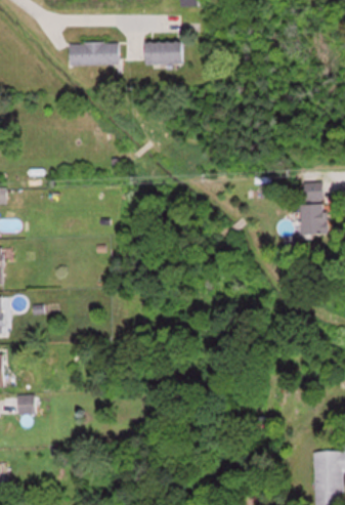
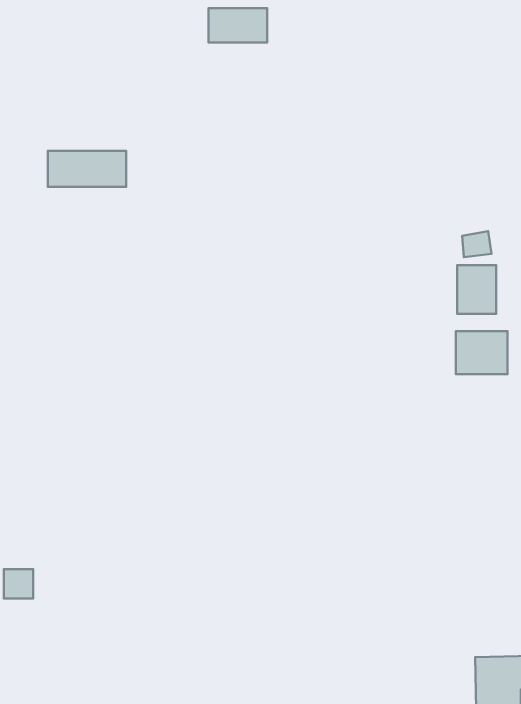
building: [69,42,118,65] -> [48,151,126,187]
building: none -> [456,331,508,374]

